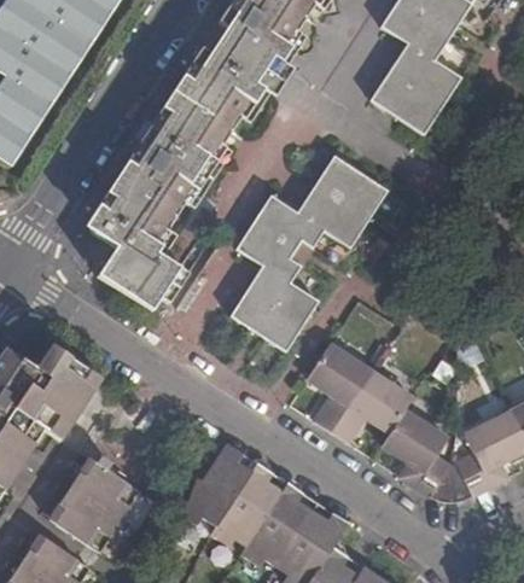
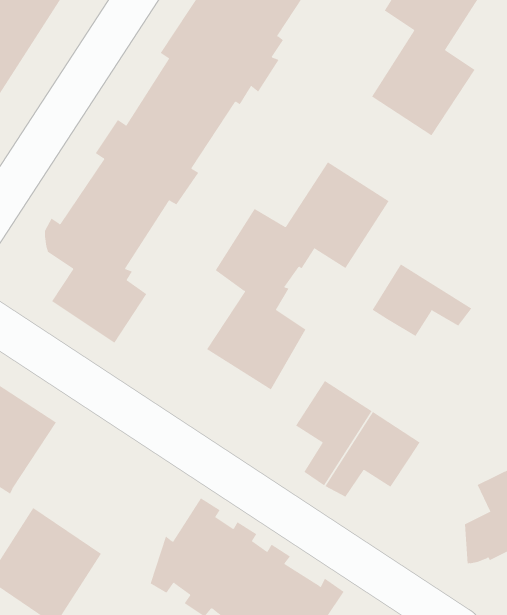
building: none -> [372,263,472,337]
building: [379,408,453,500] -> none

